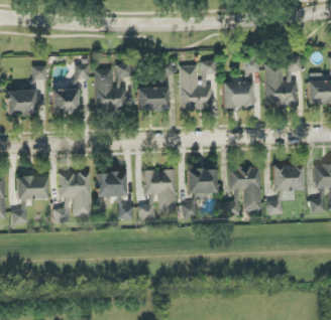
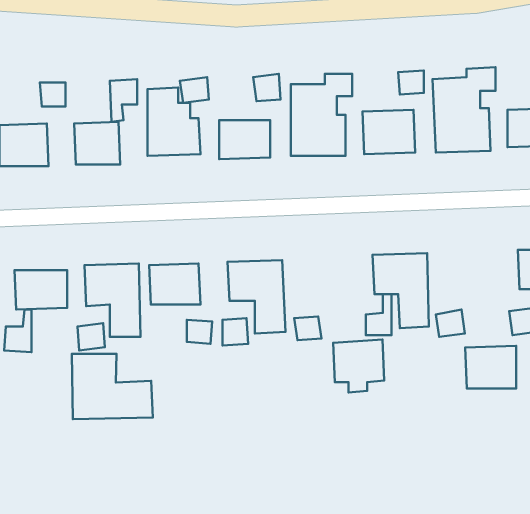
building: [272,164,303,189] -> [465,346,516,388]
building: [187,167,217,198] -> [333,339,384,392]
building: none -> [72,354,153,419]

